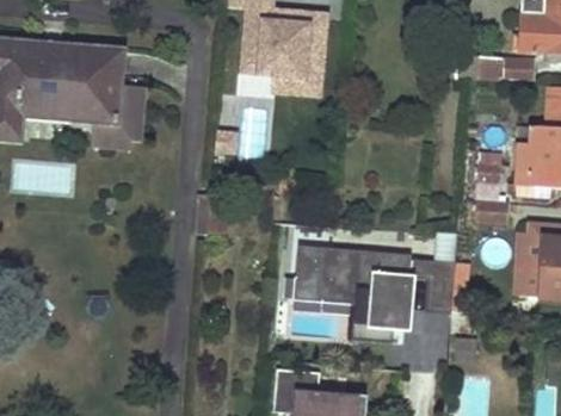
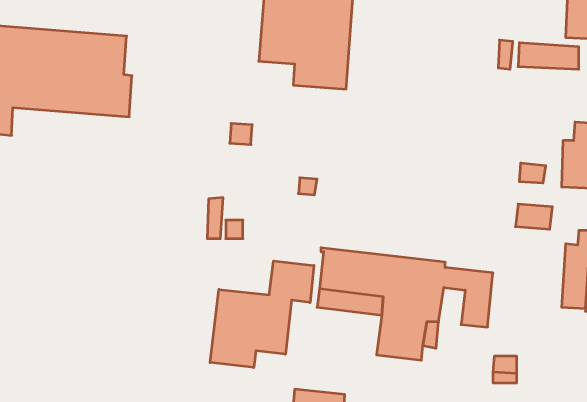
building: none -> [210,261,314,368]

